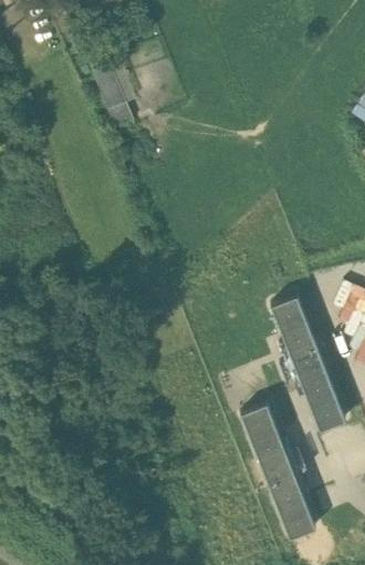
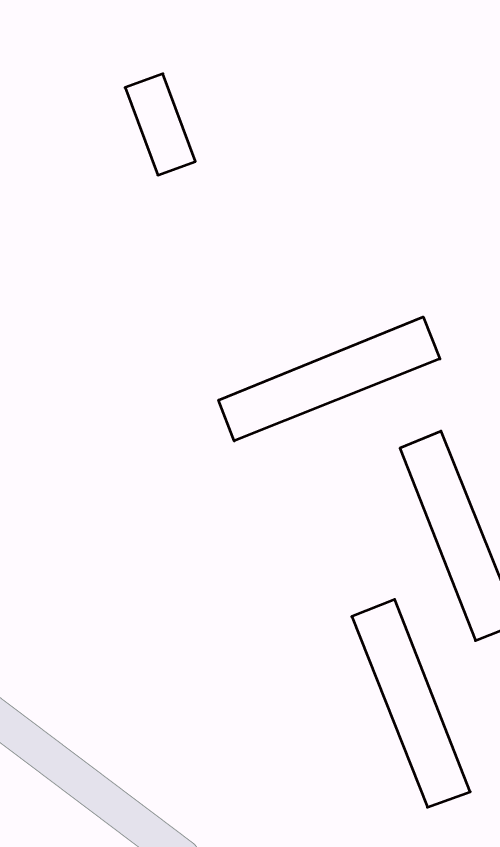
building: none -> [219,317,440,441]

